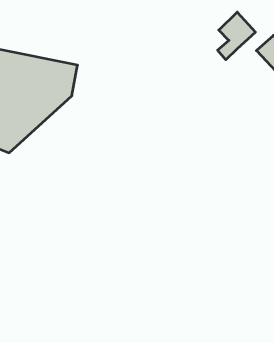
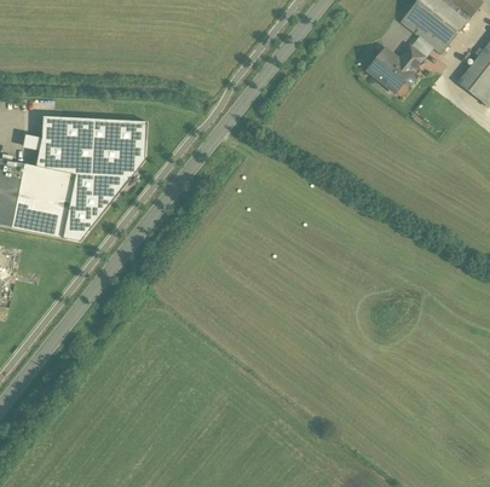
building: [218,12,255,60] -> none

